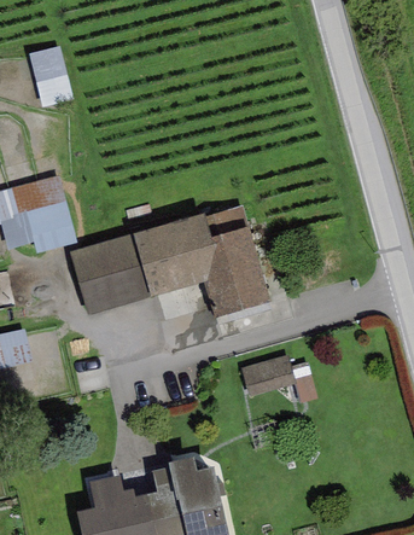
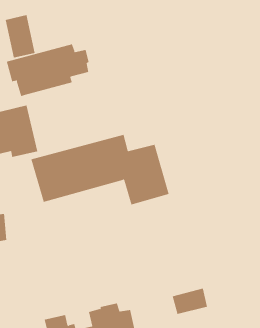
building: none -> [6,44,89,97]
building: [240,355,292,394] -> [172,288,208,314]

